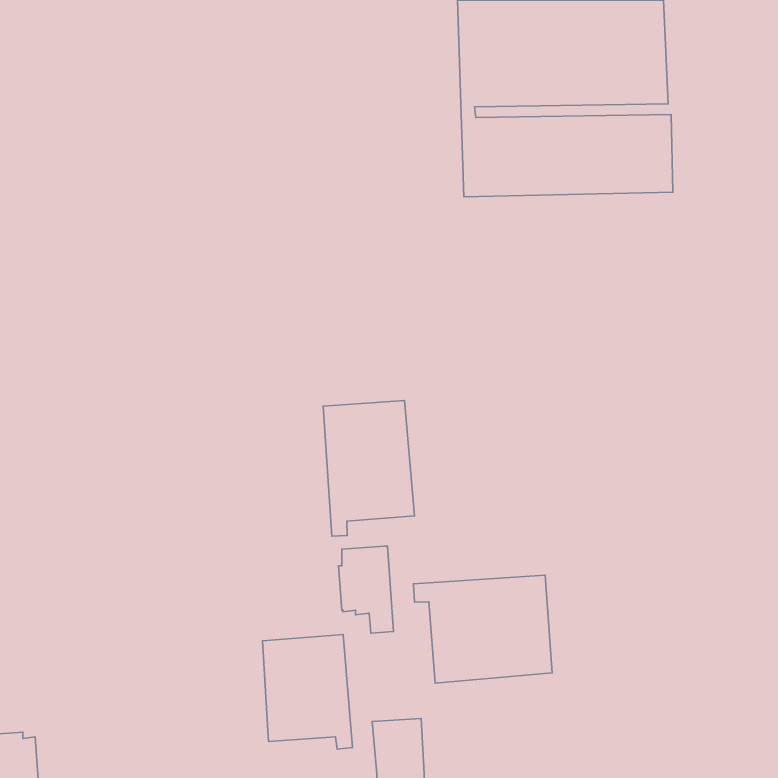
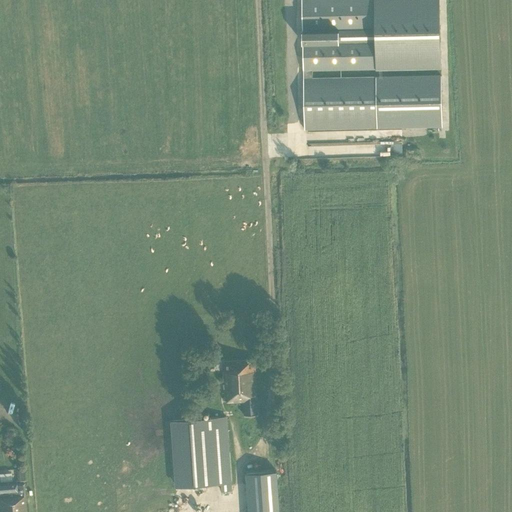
building: [323,400,414,536] -> none
building: [414,575,552,683] -> none

